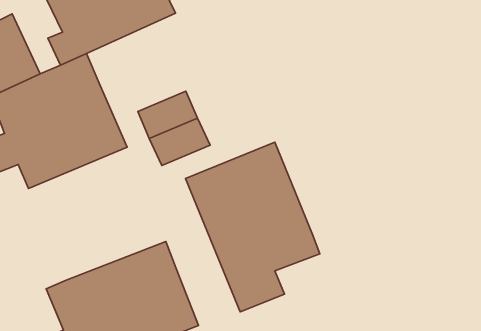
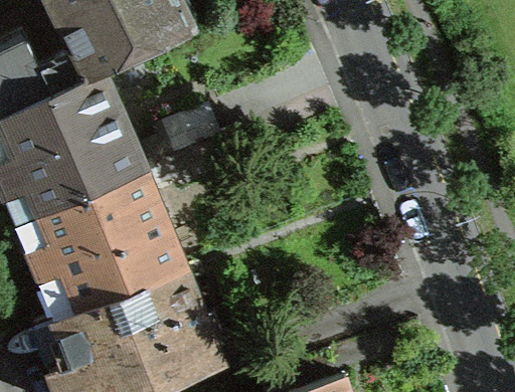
building: [186,142,320,312] -> none
building: none -> [26,174,181,313]

